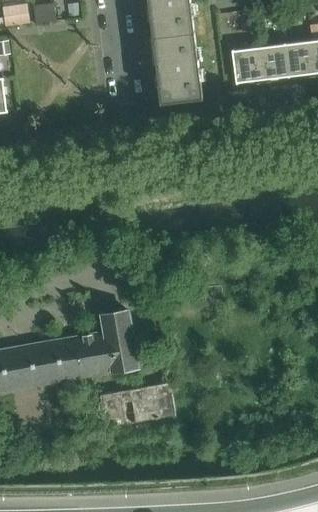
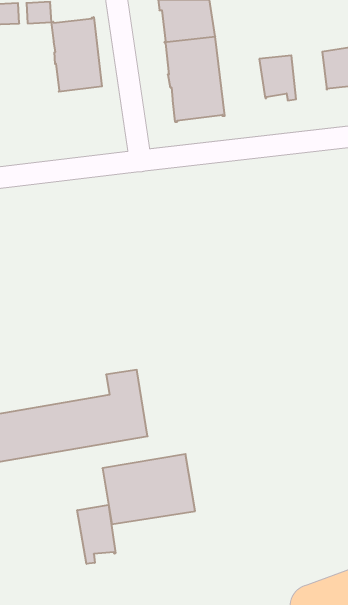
building: none -> [51,17,102,92]
building: [257,44,287,84] -> none
building: none -> [77,505,115,564]

